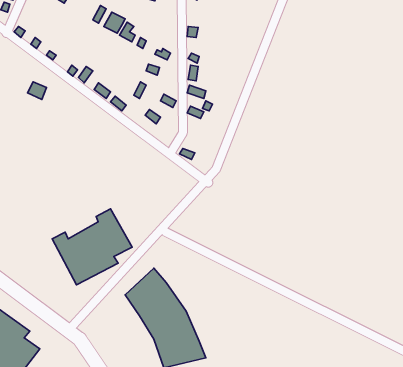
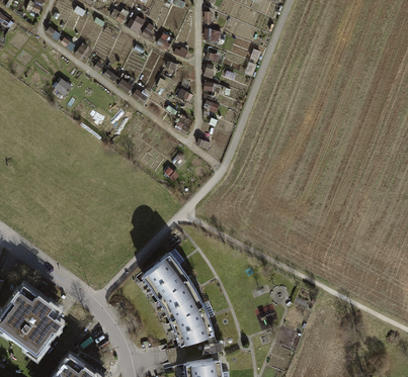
building: [52,209,132,285] -> none

